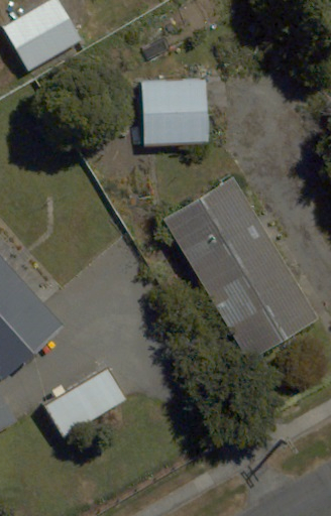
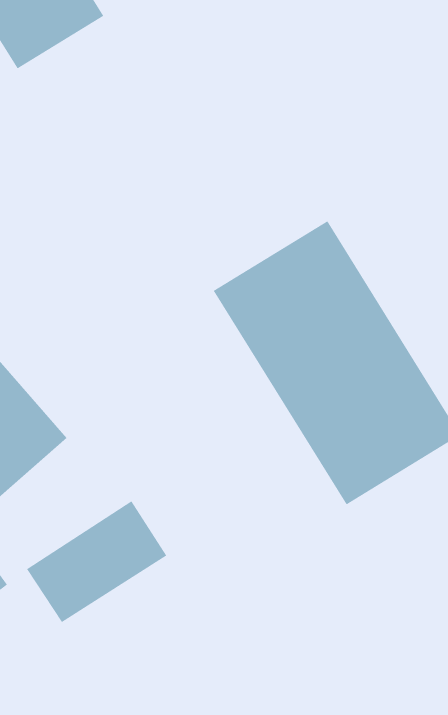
building: [138,78,212,141] -> none

